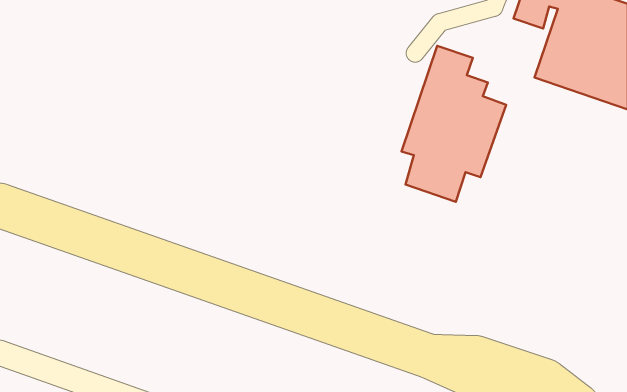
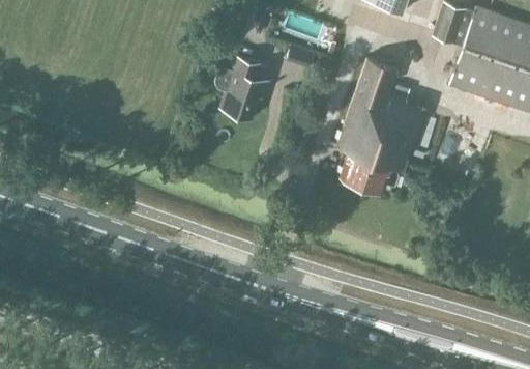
building: none -> [215,55,268,119]

